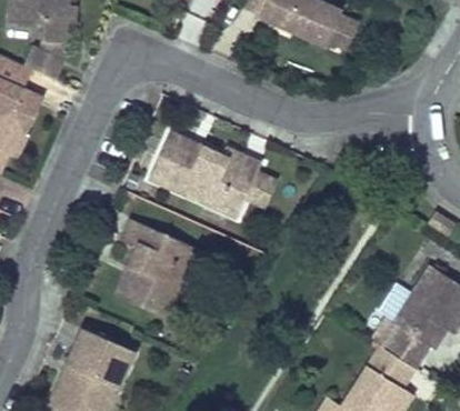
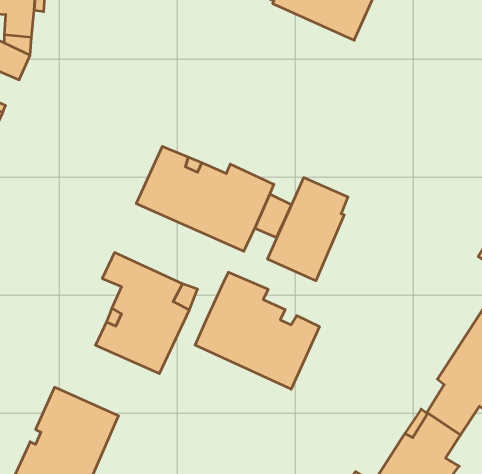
building: none -> [268,178,348,281]
building: none -> [195,272,319,389]

